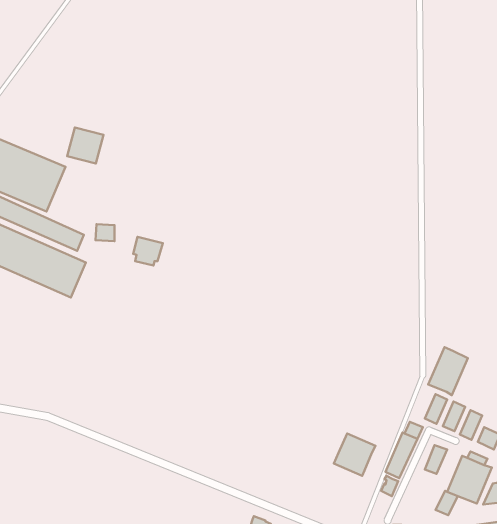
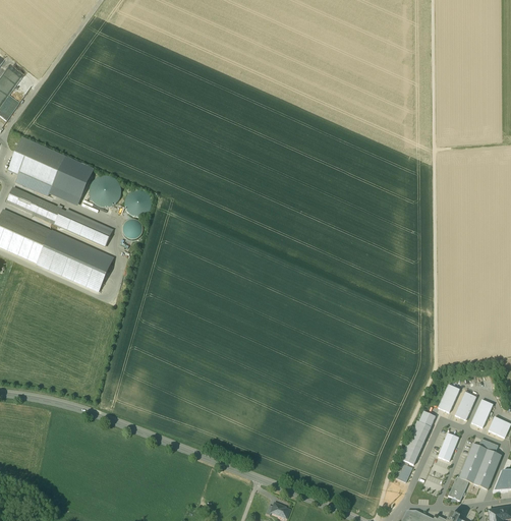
building: [67,127,103,164] -> [87,173,121,208]
building: [133,237,163,266] -> [123,188,152,216]
building: [428,347,468,395] -> none
building: [334,434,376,476] -> none

